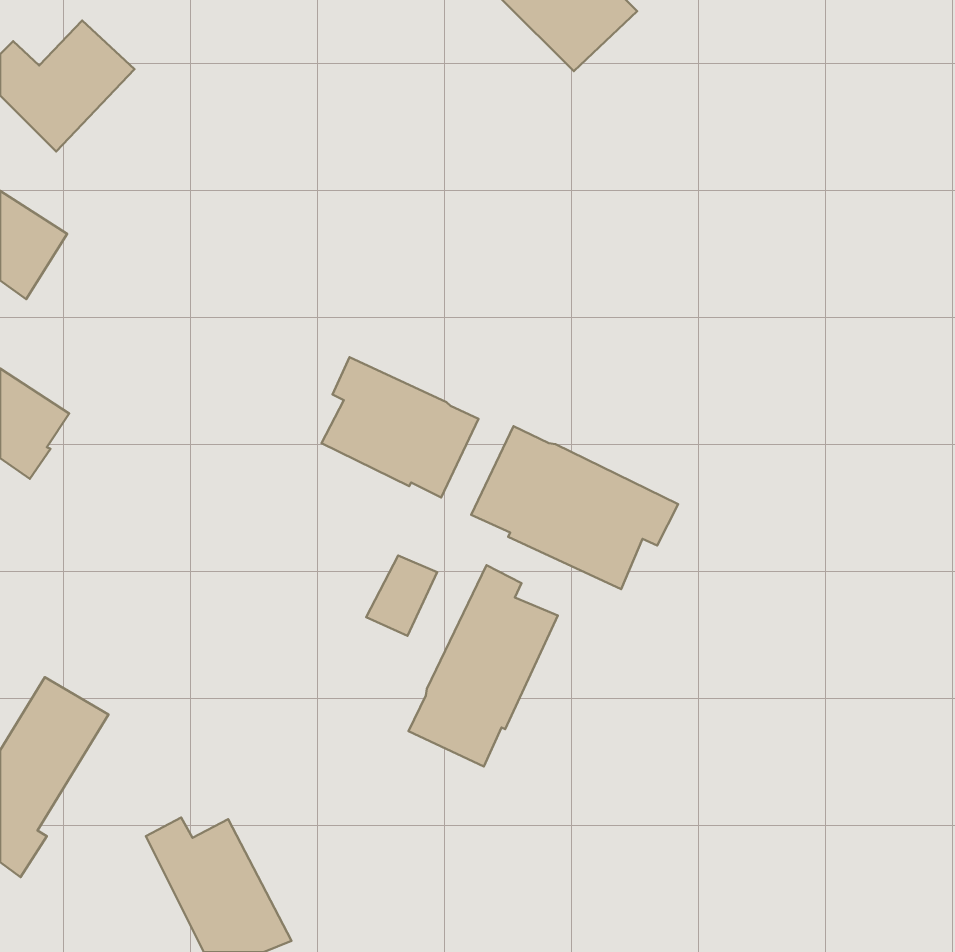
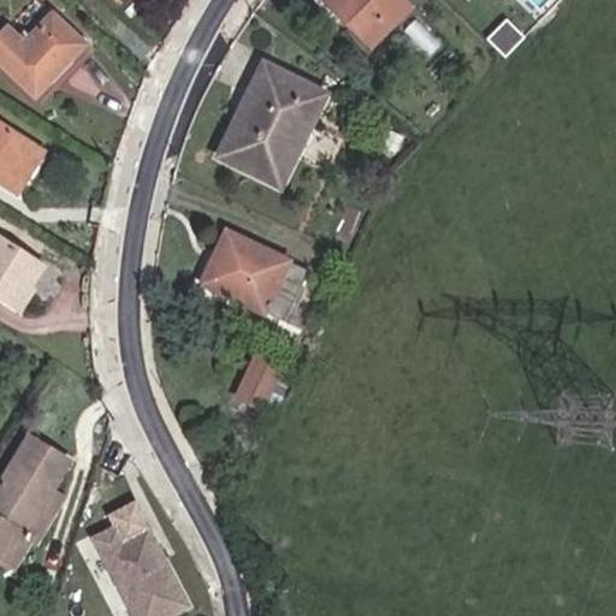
building: none -> [219,63,326,185]
building: [471,426,678,589] -> none
building: [409,565,558,767] -> none

